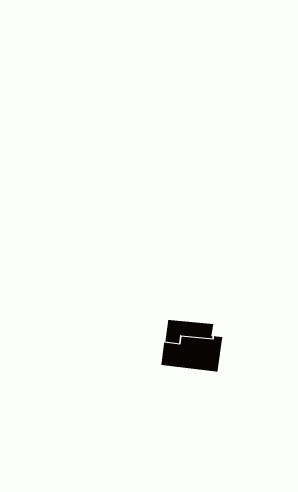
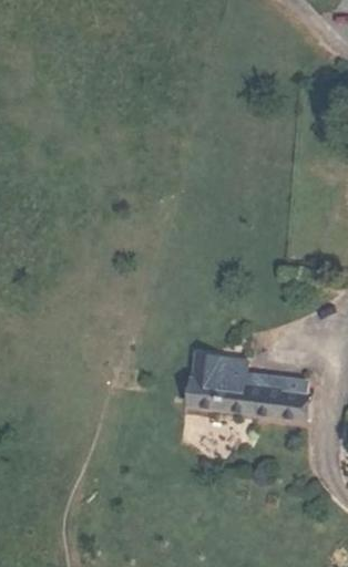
building: none -> [253,375,307,420]

